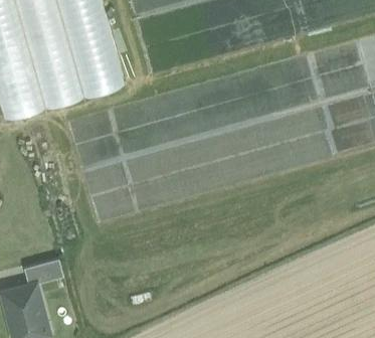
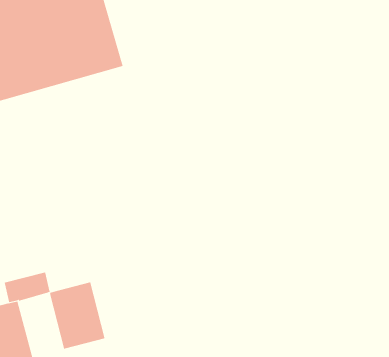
building: none -> [49,282,105,350]

